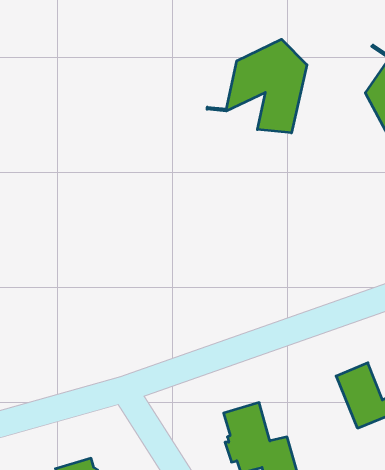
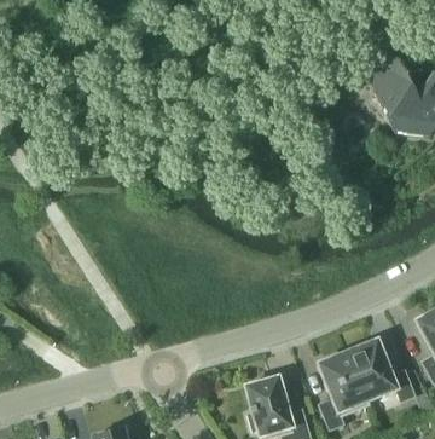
building: [207,39,307,133] -> none
building: none -> [318,352,370,431]

